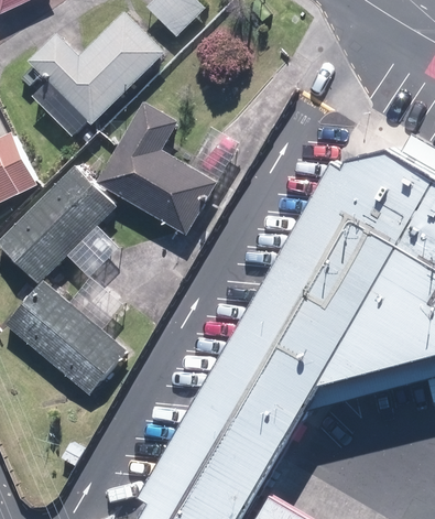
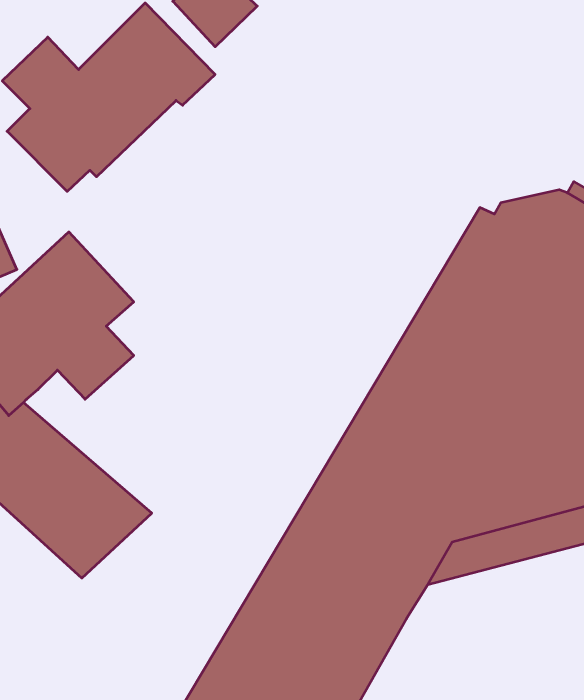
building: [94,101,215,235] -> none

